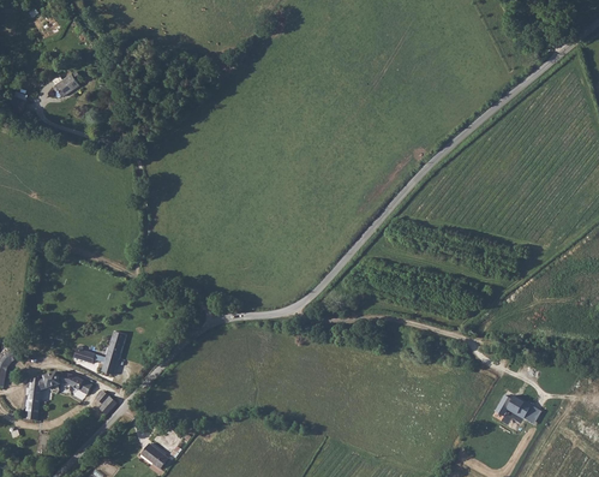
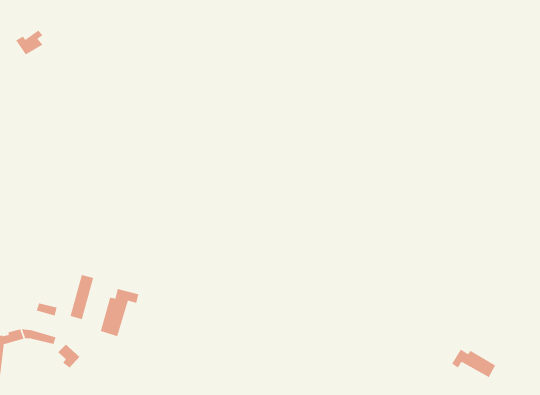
building: none -> [100,288,139,337]

